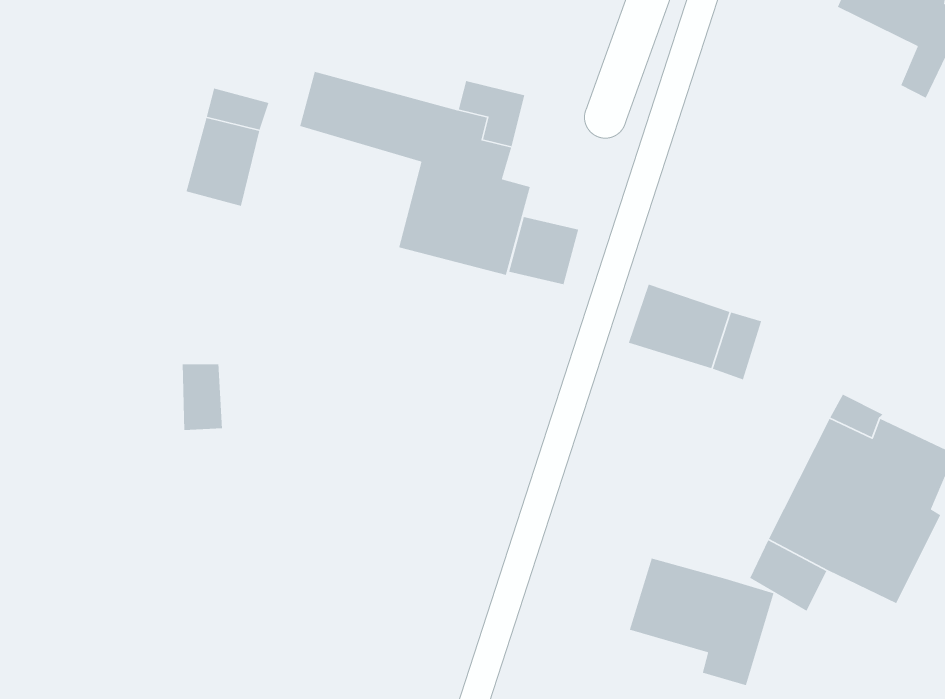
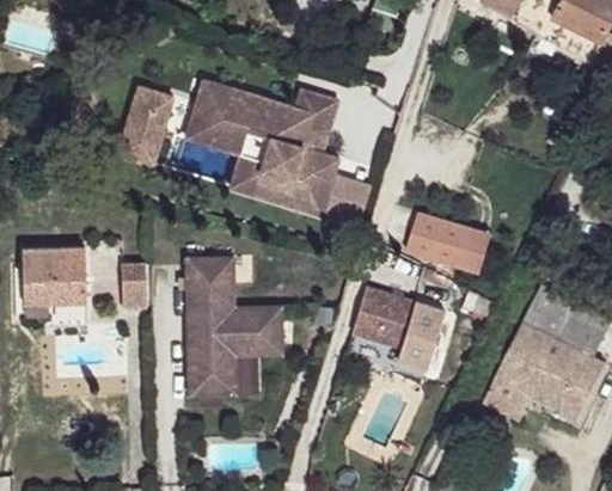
building: none -> [189,113,273,191]
building: none -> [22,248,85,303]
building: none -> [183,258,281,394]
building: [629,558,774,686] -> [351,289,445,372]

